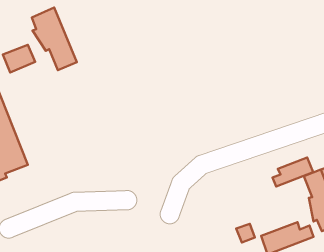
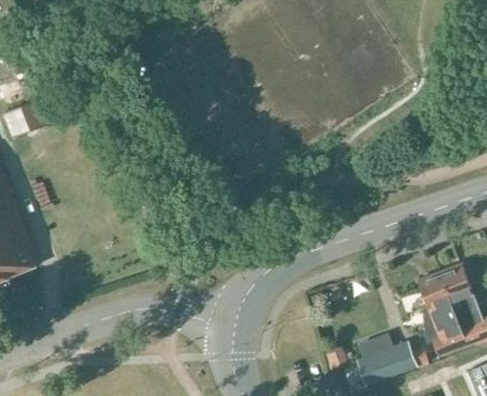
building: [32,8,77,70] -> none
building: [272,158,313,186] -> none

